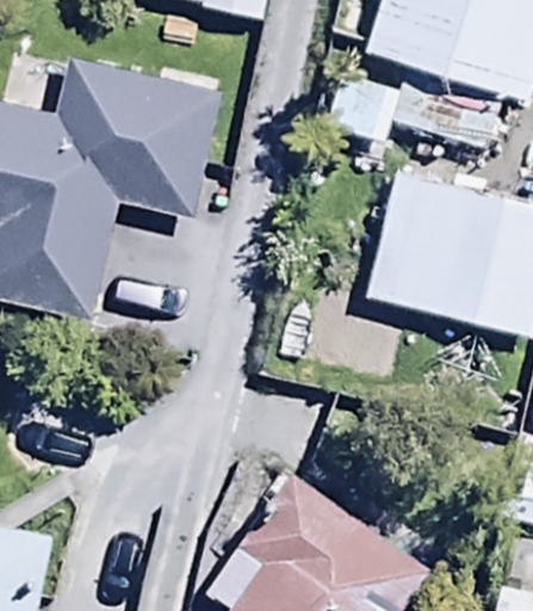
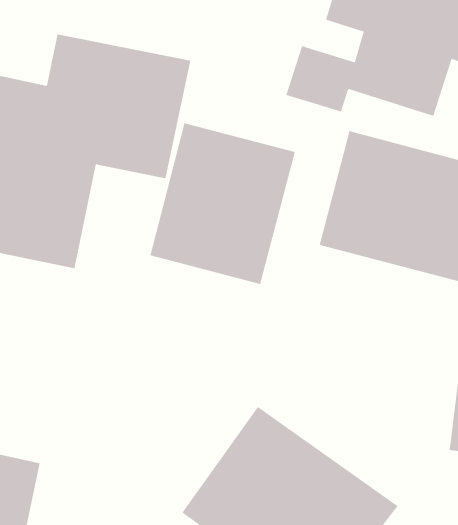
building: none -> [150,122,296,285]

